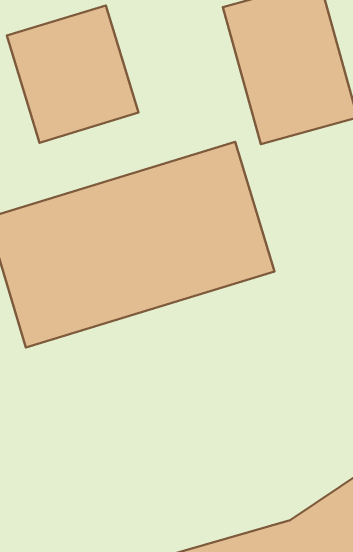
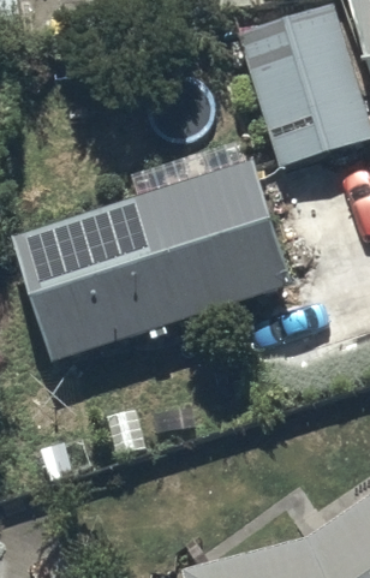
building: [7,5,139,143] -> none

